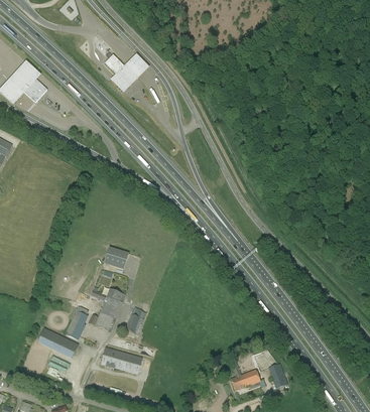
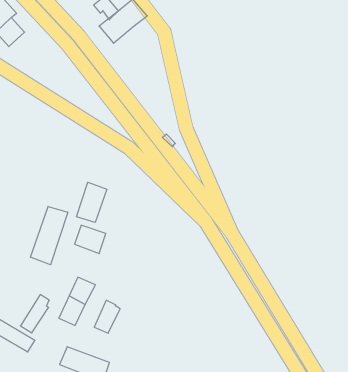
building: none -> [76,182,107,222]
building: none -> [31,206,68,265]

